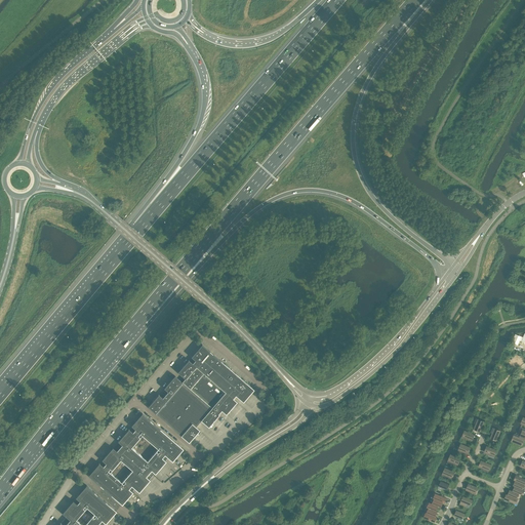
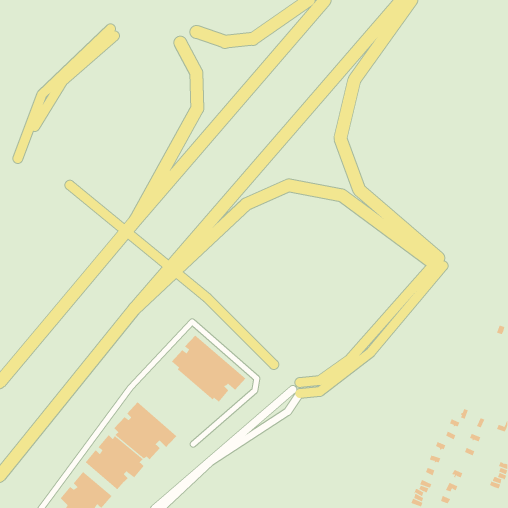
building: [147,376,219,443] -> none

